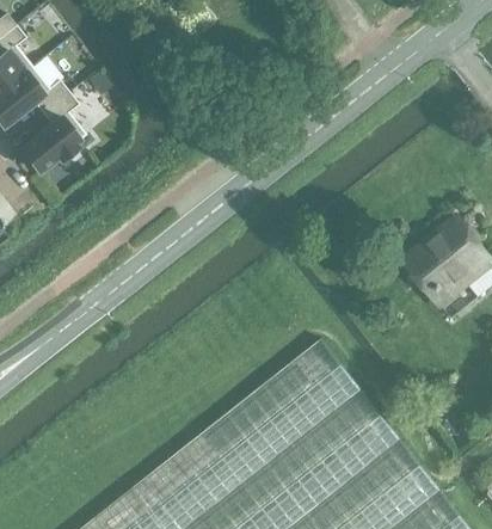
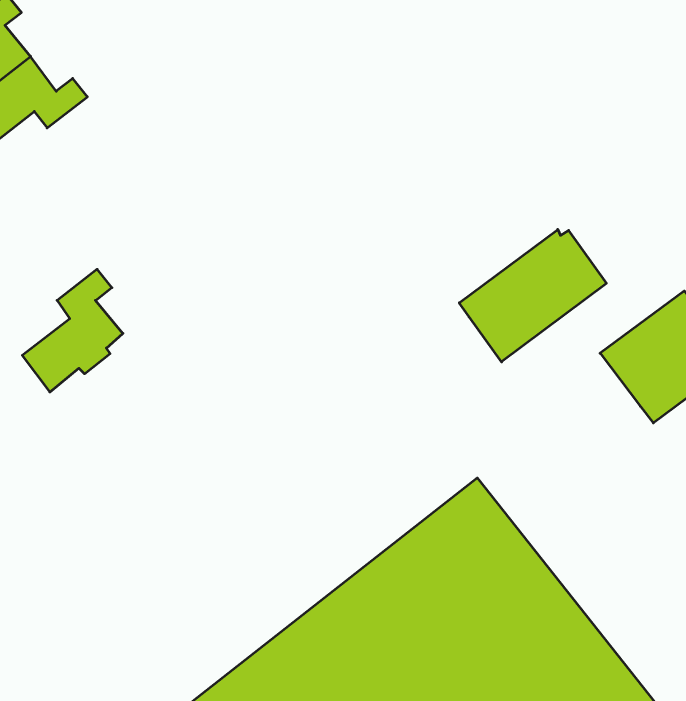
building: [18,92,84,172] -> [22,269,123,392]
building: none -> [459,229,606,362]

